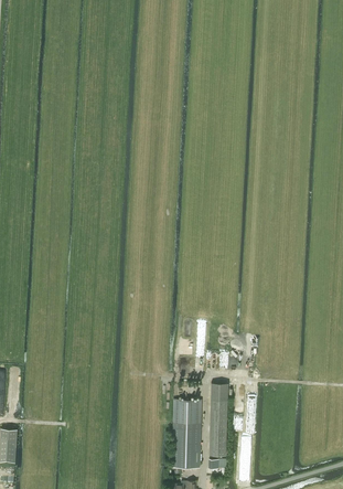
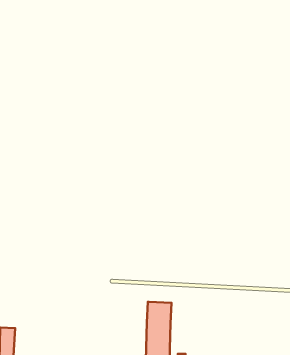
building: [210,383,228,456] -> none

